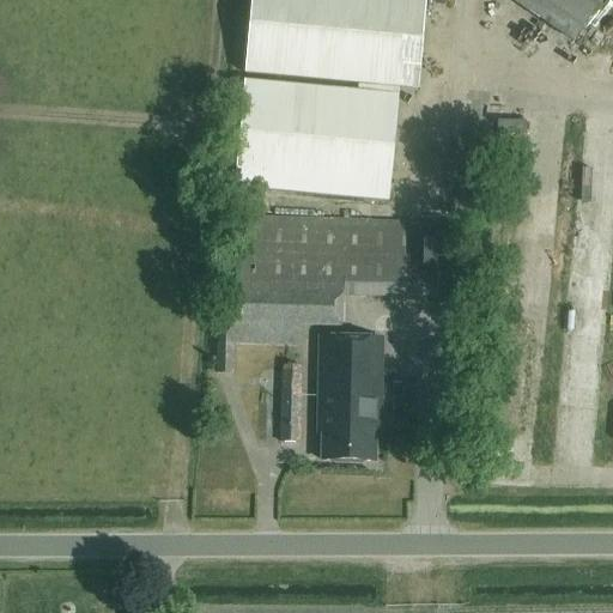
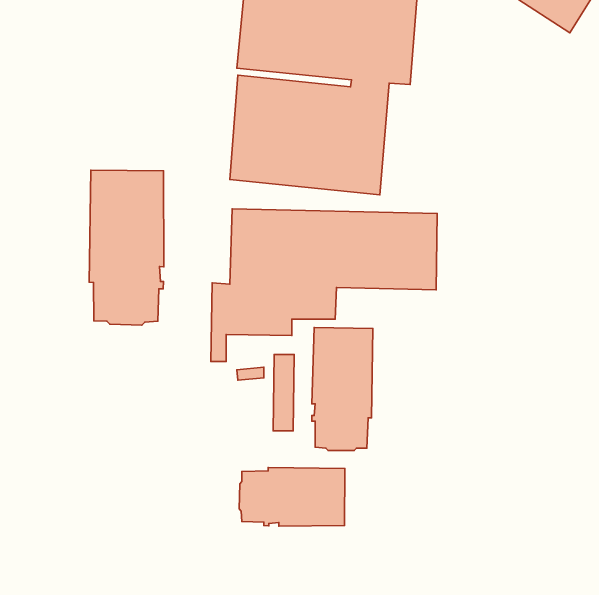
building: none -> [89,170,164,325]
building: none -> [239,468,345,526]

